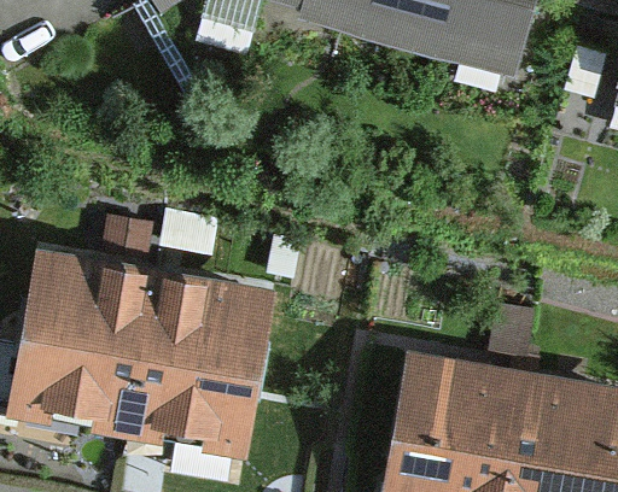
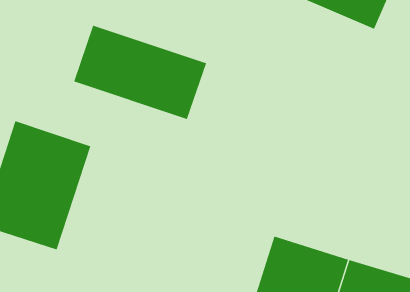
building: none -> [73,25,207,120]
building: [126,276,258,441] -> none

